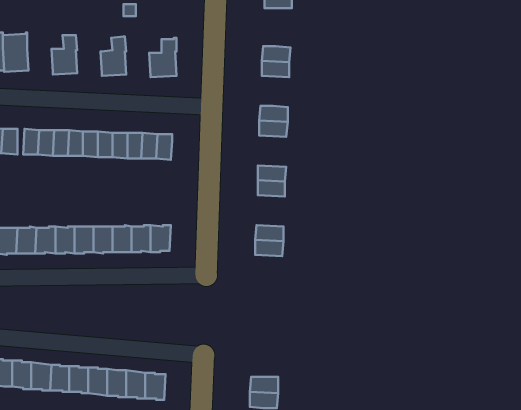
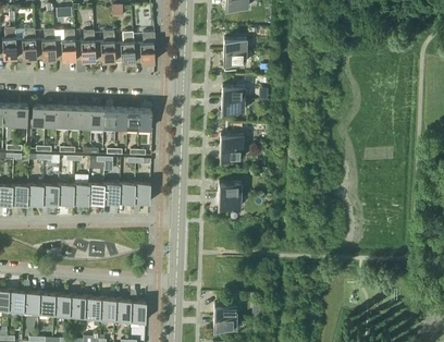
building: none -> [35,29,55,61]
building: none -> [74,30,95,62]
building: none -> [113,33,134,64]

